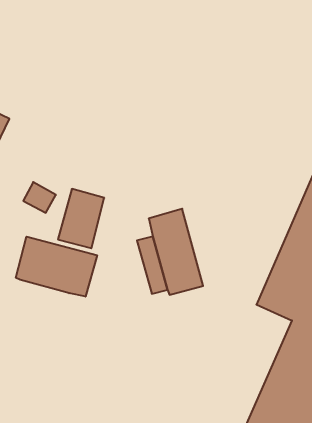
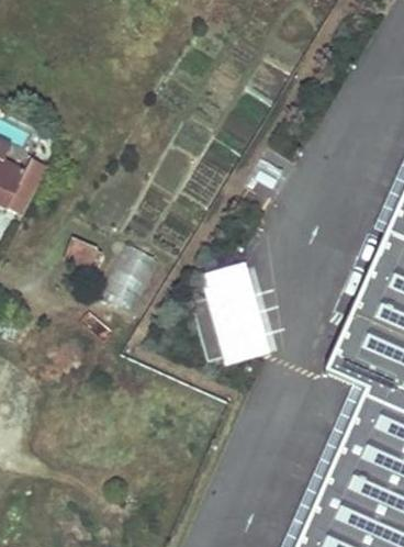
building: [16,237,97,297] -> none

